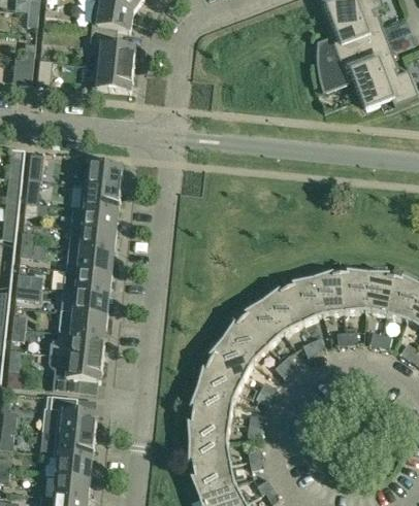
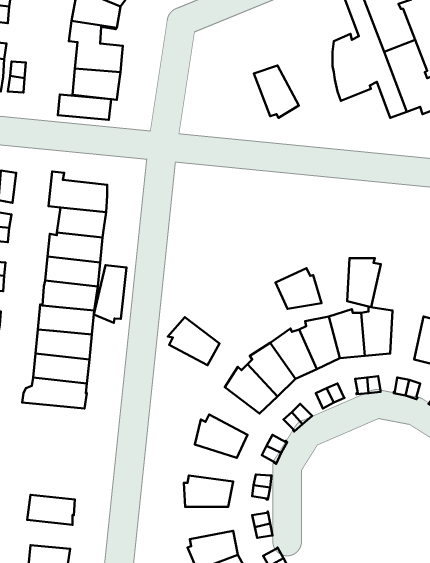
building: none -> [254,66,299,118]
building: none -> [58,94,111,120]
building: none -> [94,265,127,323]
building: none -> [275,268,321,309]
building: [366,272,395,314] -> [347,258,381,307]
building: [210,338,254,379] -> [168,317,220,365]
building: [49,351,103,391] -> none
building: [191,387,234,419] -> none
building: [51,394,97,435] -> none
building: [189,441,231,469] -> none
building: [54,452,93,477] -> none

